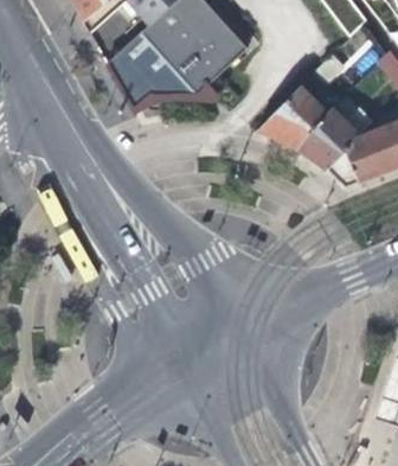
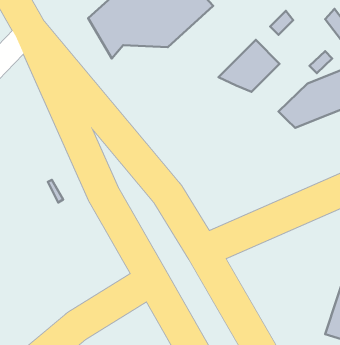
building: [294,108,358,167] -> none

